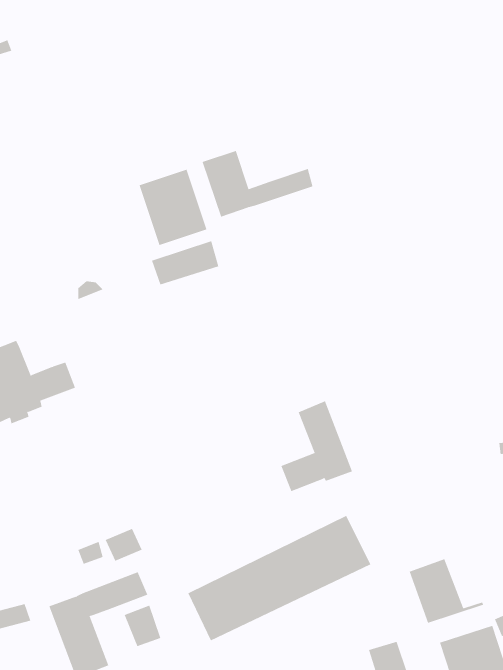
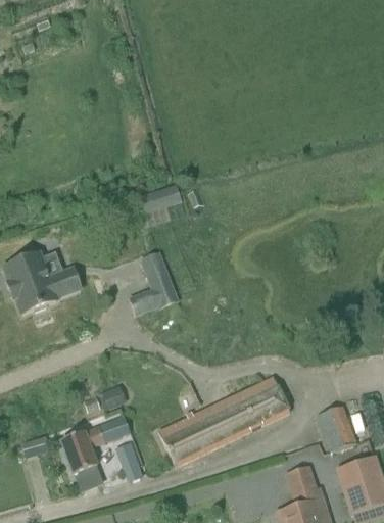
building: [202,150,313,217] -> none
building: [139,169,207,246] -> none
building: [281,401,353,492] -> [129,251,180,316]

